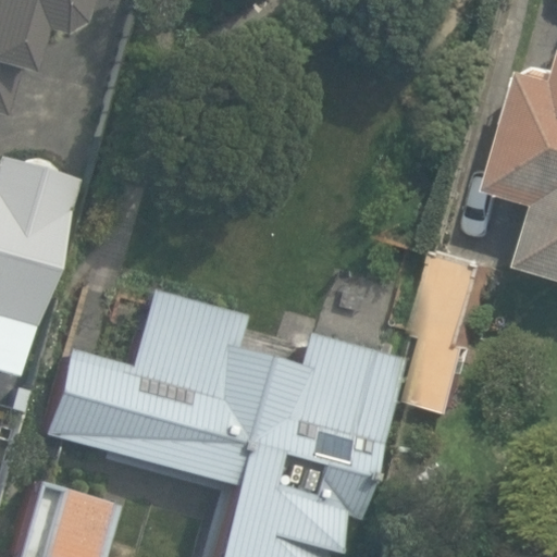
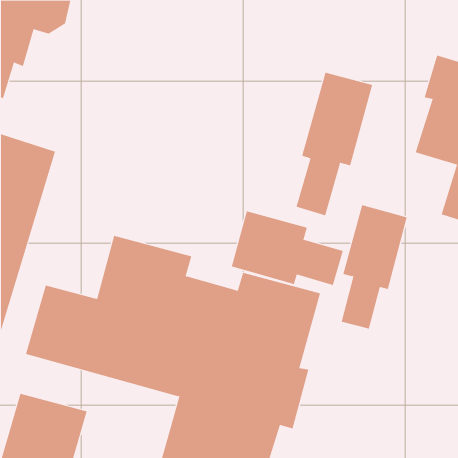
building: none -> [296,72,373,216]
building: none -> [231,210,343,286]

